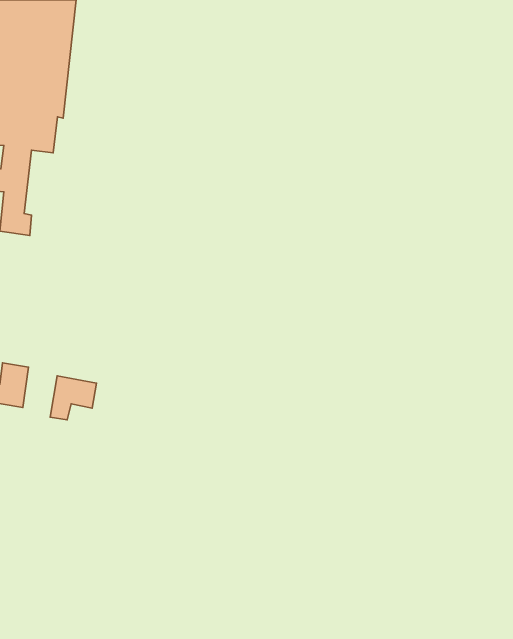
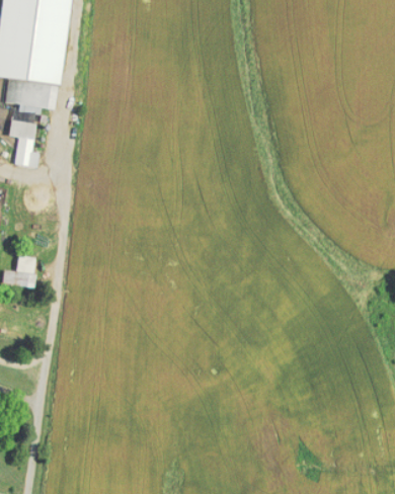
building: [50,376,96,420] -> none

